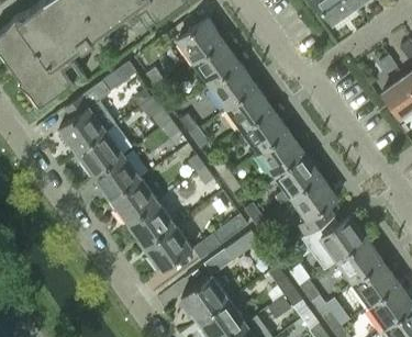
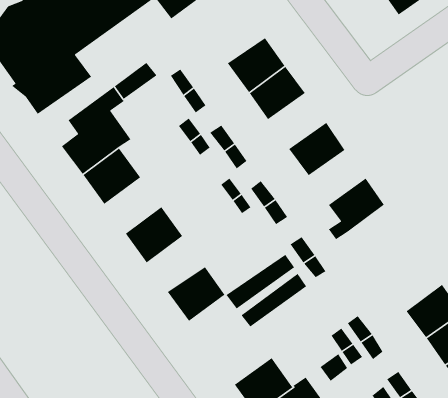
building: [176,19,223,63] -> none
building: [225,87,272,132] -> none
building: [258,133,304,177] -> none
building: [93,155,140,200] -> none
building: [290,177,336,234] -> none
building: [127,202,175,247] -> none
building: [320,217,366,262] -> none
building: [180,276,229,322] -> none

